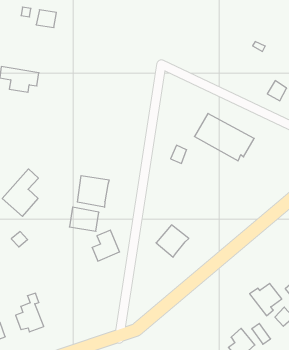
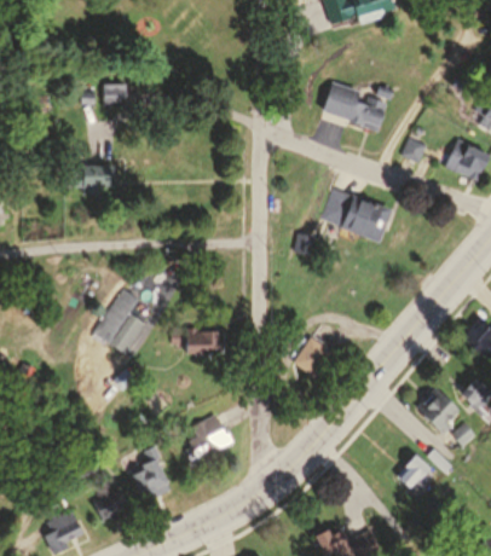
building: none -> [320,86,386,131]
building: [77,176,109,207] -> none
building: [92,230,120,261] -> [190,418,225,459]

